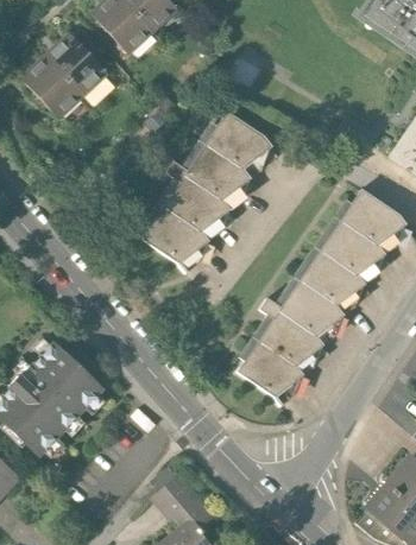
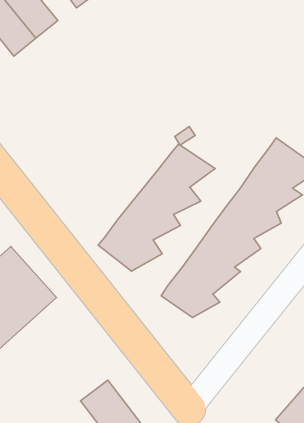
building: [138,113,265,259] -> [98,144,215,271]

